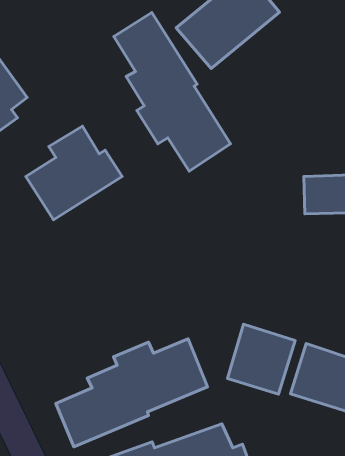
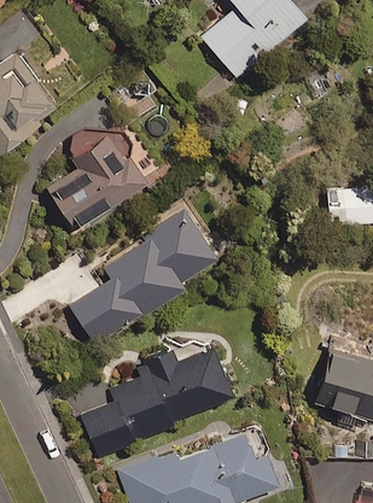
building: [114,12,231,171] -> none
building: none -> [70,204,214,346]
building: [228,324,295,394] -> none

